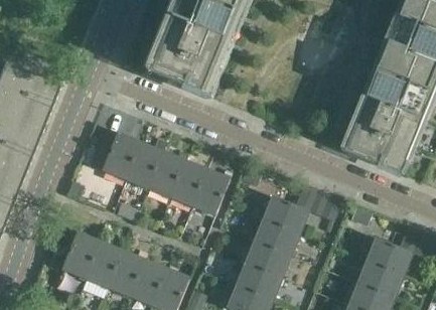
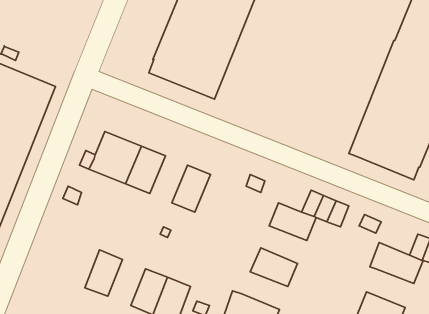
building: [148,152,184,197] -> none
building: [191,170,229,215] -> none
building: [255,219,299,256] -> none
building: [62,234,100,279] -> none
building: [108,252,144,296] -> none
building: [356,261,402,298] -> none
building: [237,264,281,300] -> none

